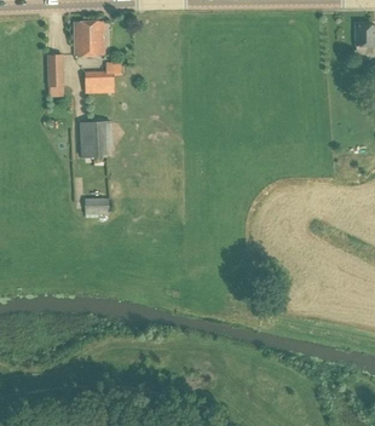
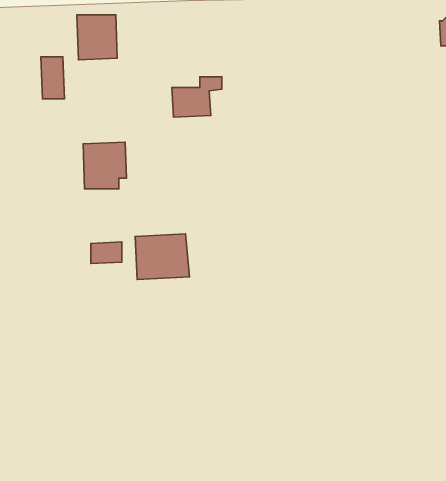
building: [83,62,122,93] -> [172,77,222,117]
building: none -> [135,234,189,280]

